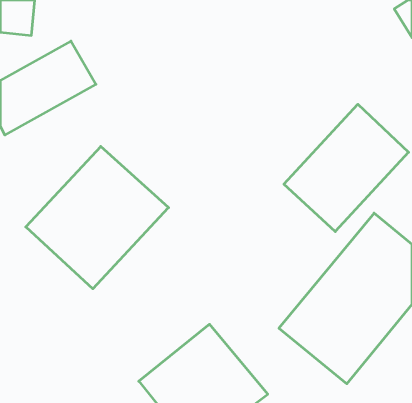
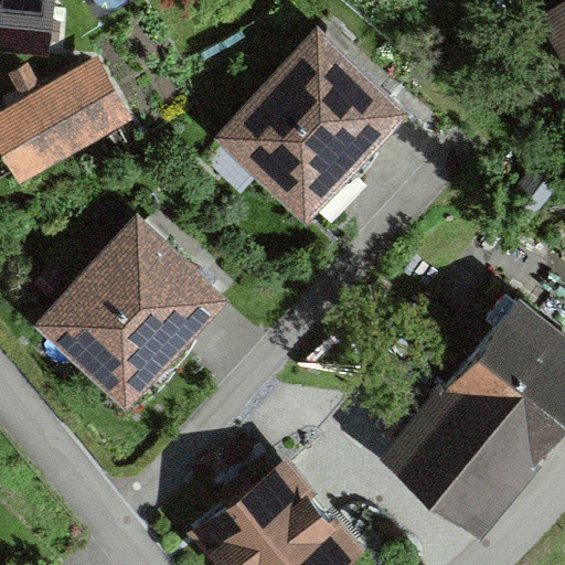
building: none -> [215,24,411,222]
building: [284,104,409,232] -> none

